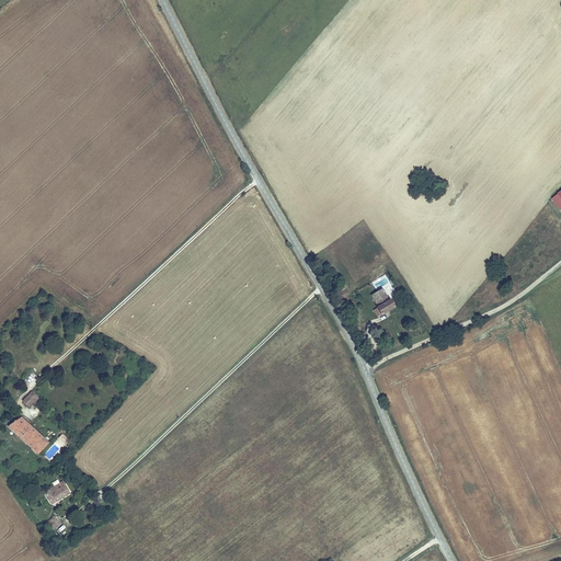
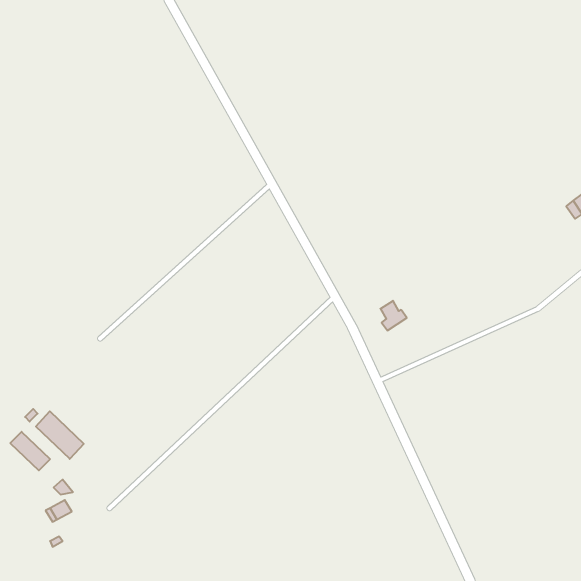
building: none -> [36,411,84,459]

